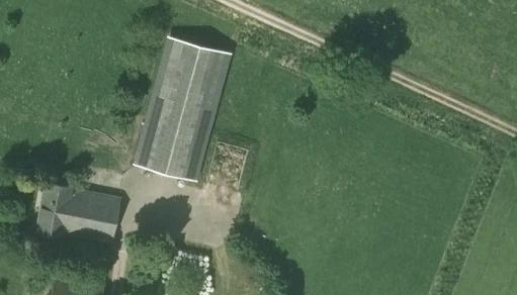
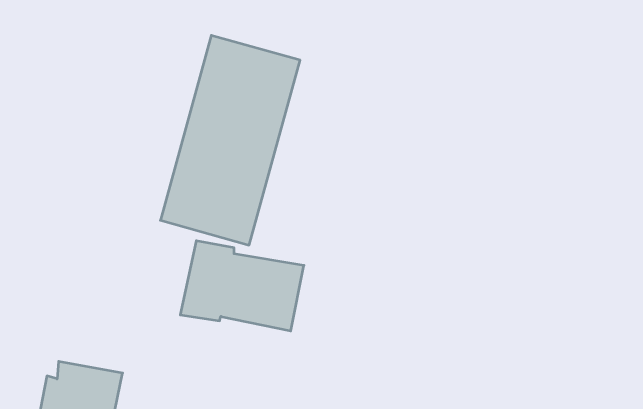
building: [34,181,120,243] -> [180,241,304,331]

